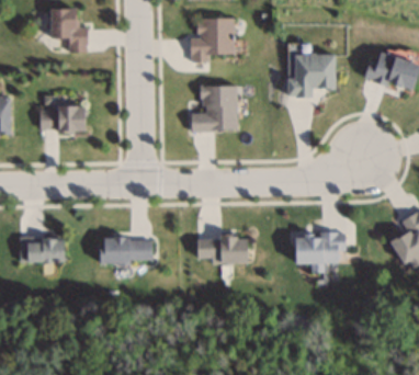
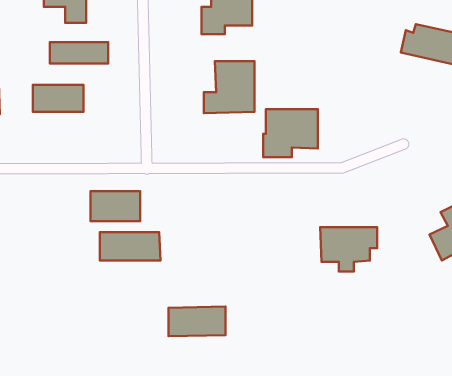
building: [287,54,336,96] -> [263,109,318,157]
building: none -> [50,42,108,63]
building: [21,236,65,262] -> [91,191,140,221]
building: [197,236,248,262] -> [169,307,226,336]

